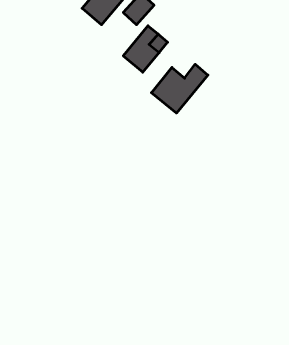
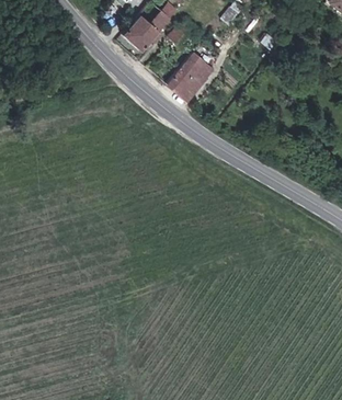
building: [151,64,208,113] -> none

